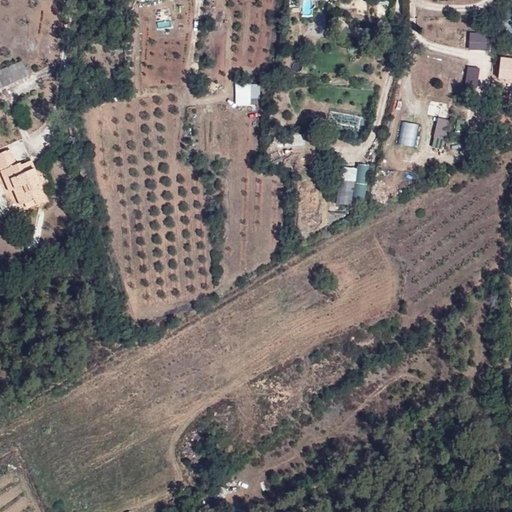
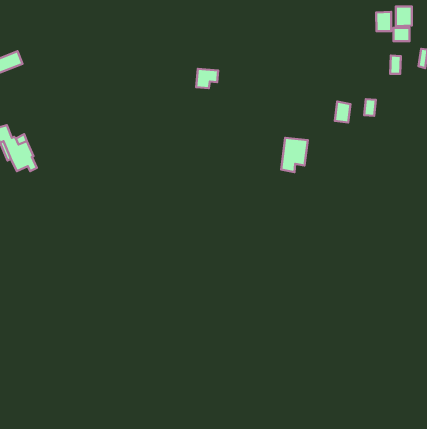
building: none -> [396,6,412,26]
building: none -> [376,12,391,31]

